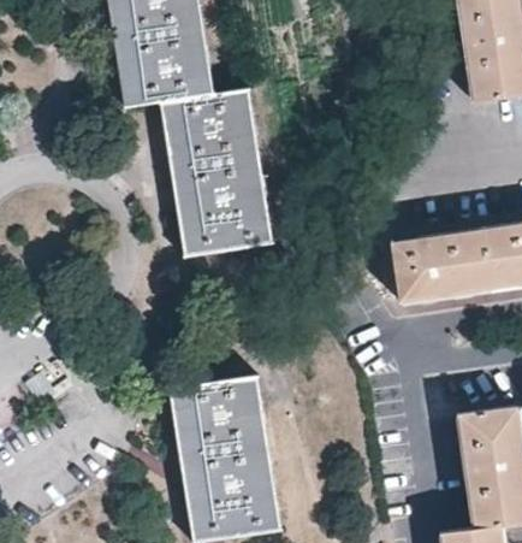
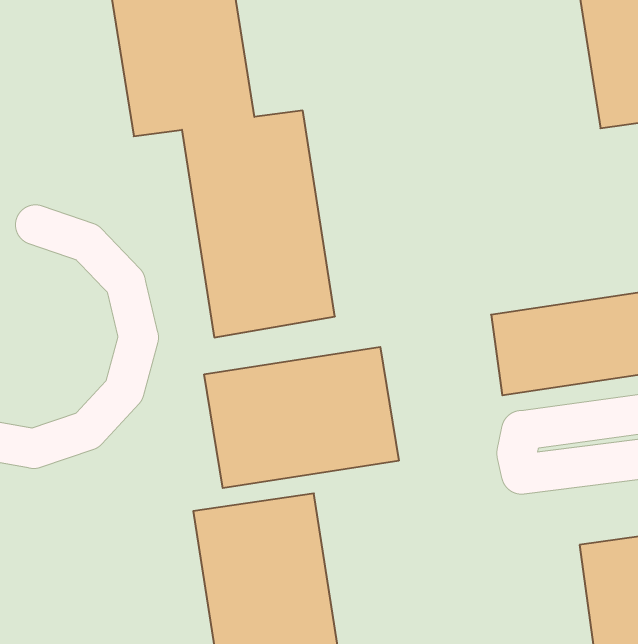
building: none -> [204,347,399,488]

